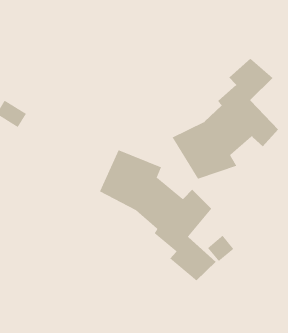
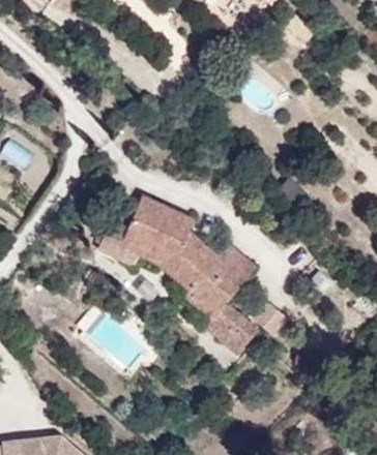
building: [172,58,279,179] -> none

